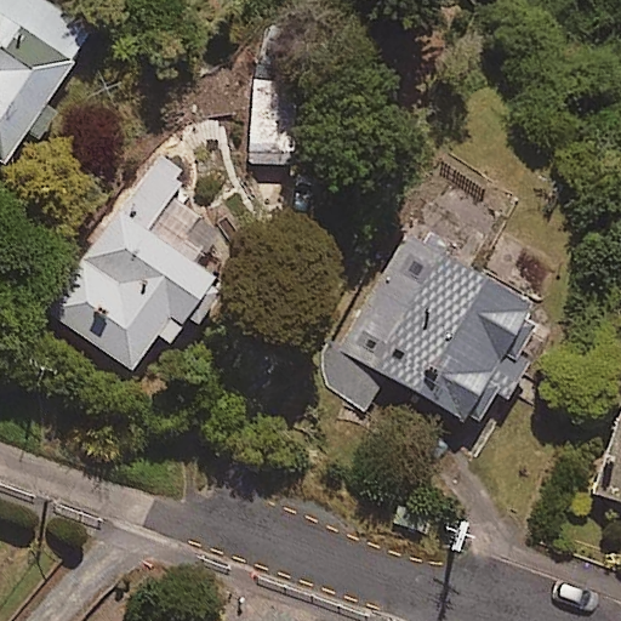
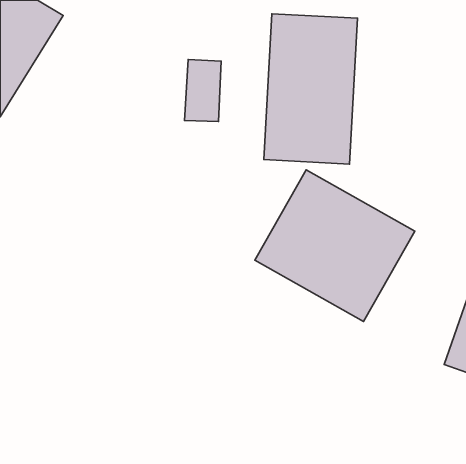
building: none -> [264,14,357,164]
building: [45,156,233,375] -> none

